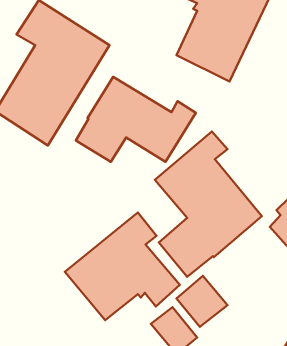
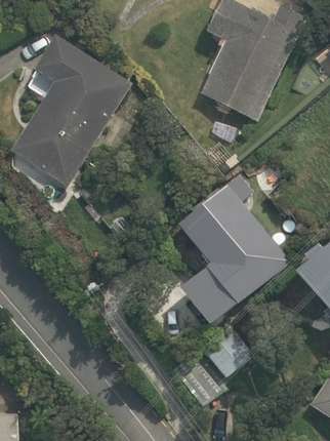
building: [76,77,196,162] -> none
building: [65,213,180,320] -> none

